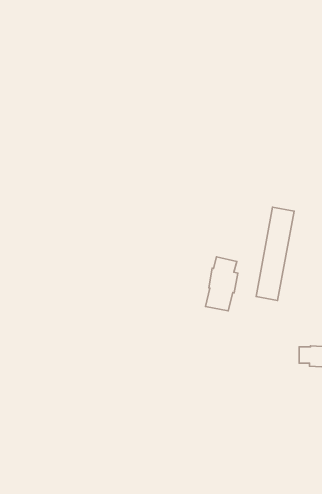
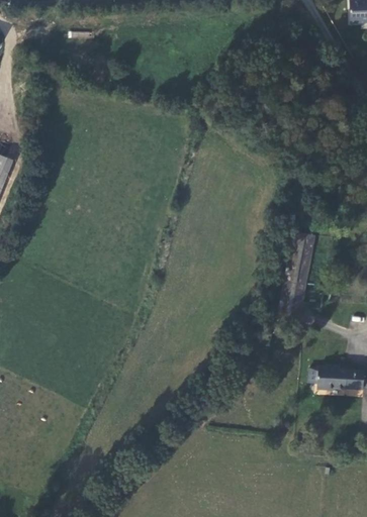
building: [205,257,238,311] -> none

